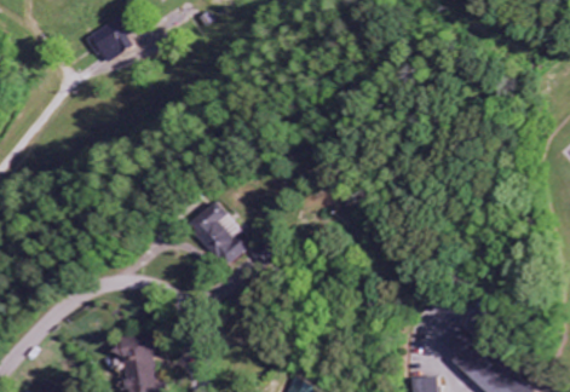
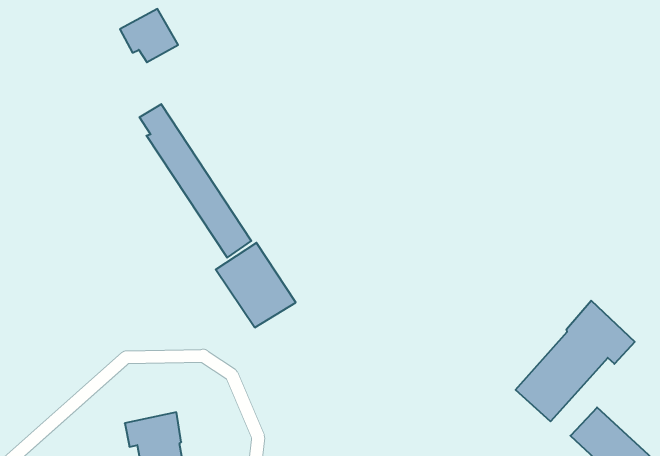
building: none -> [140,104,251,258]
building: none -> [516,301,635,421]

